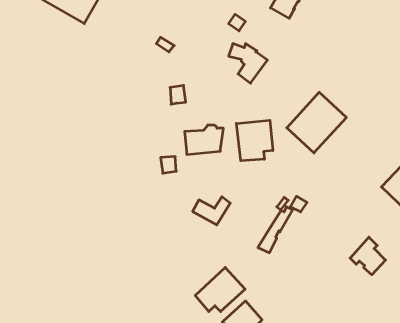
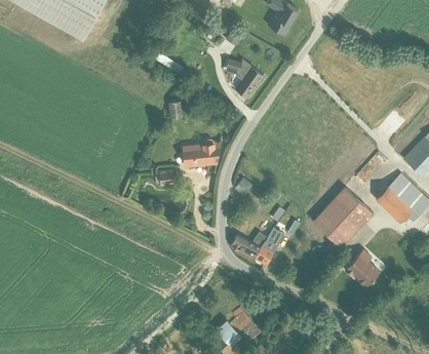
building: [287,92,346,153] -> [313,187,372,246]
building: [236,120,273,161] -> none
building: [193,197,230,225] -> [230,231,267,259]
building: [195,267,245,312] -> none

